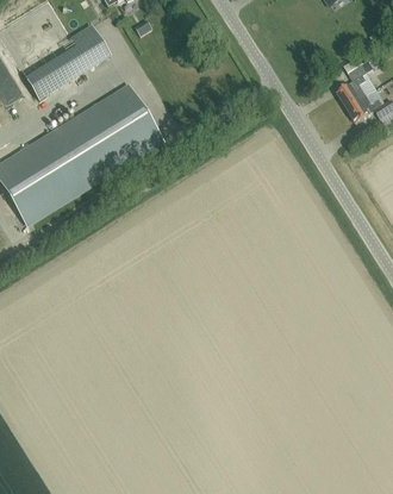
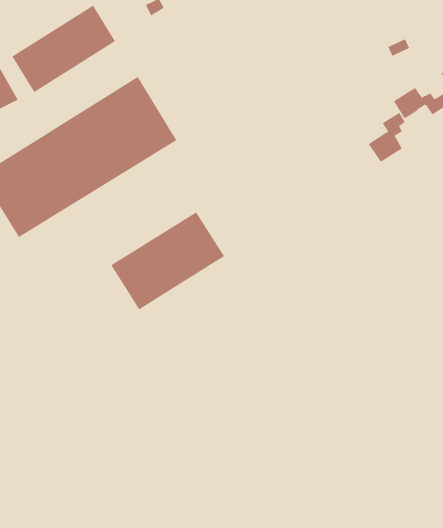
building: [336,64,368,107] -> [368,112,405,162]
building: none -> [111,211,225,310]

